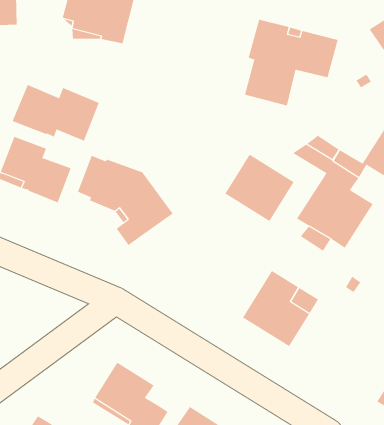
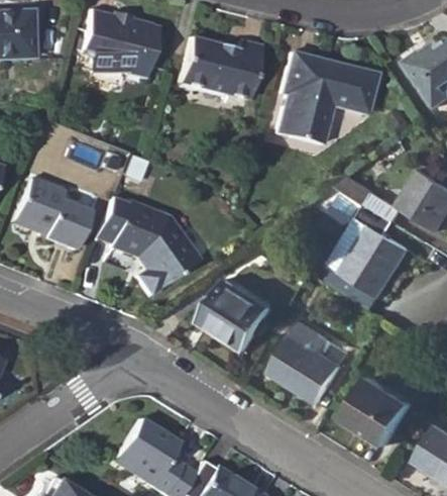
building: none -> [177,37,258,100]
building: [12,84,100,141] -> none
building: [225,154,294,222] -> [200,278,274,351]
building: none -> [345,376,415,444]

